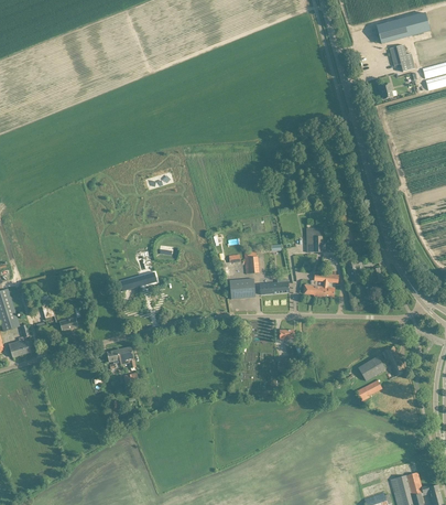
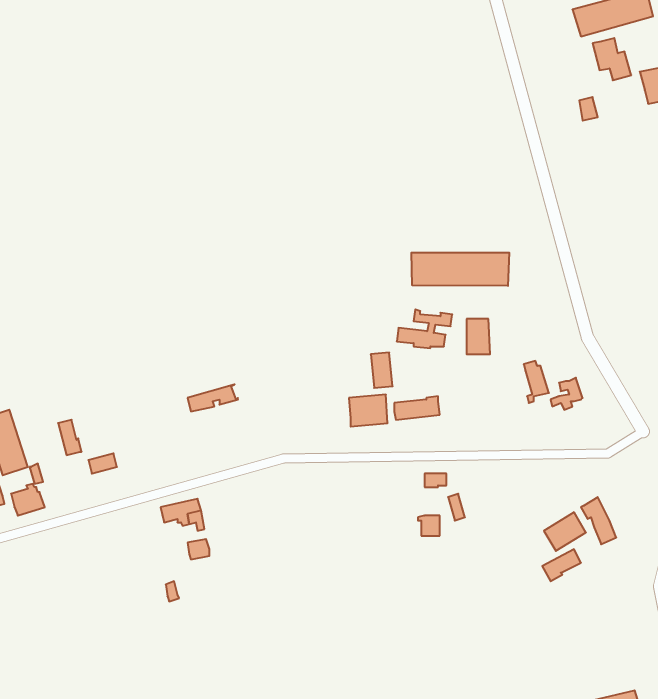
building: none -> [411,253,509,286]
building: [303,272,339,298] -> [397,309,452,348]

